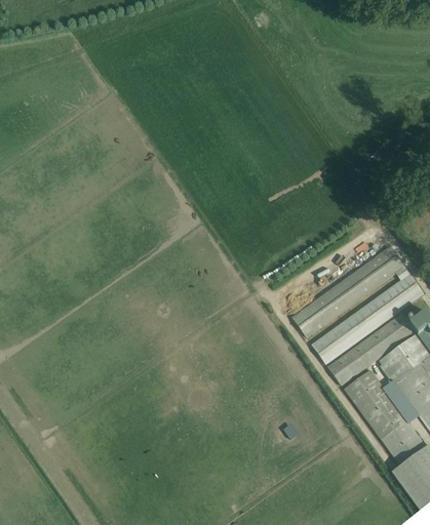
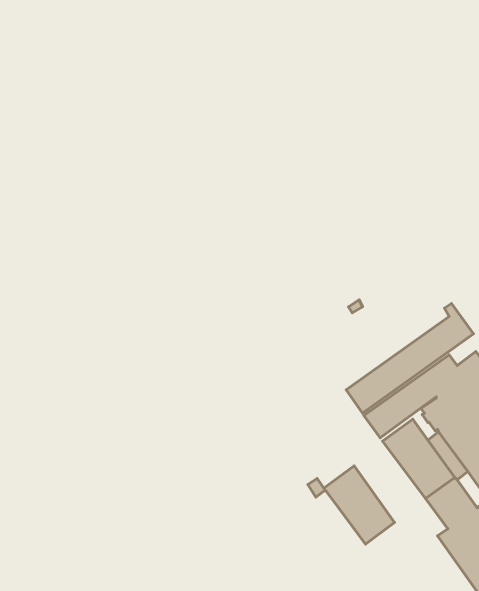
building: [292,246,404,337] -> none
building: none -> [324,466,394,544]

